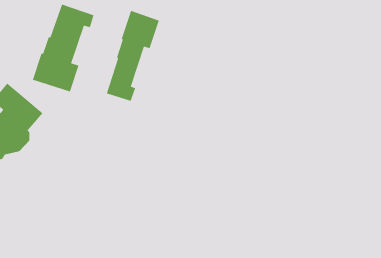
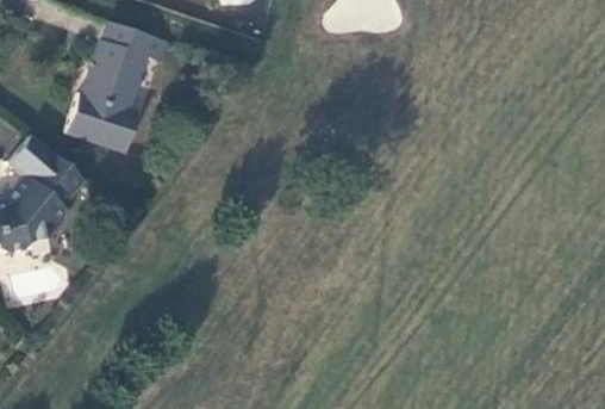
building: [106,10,160,102] -> none

